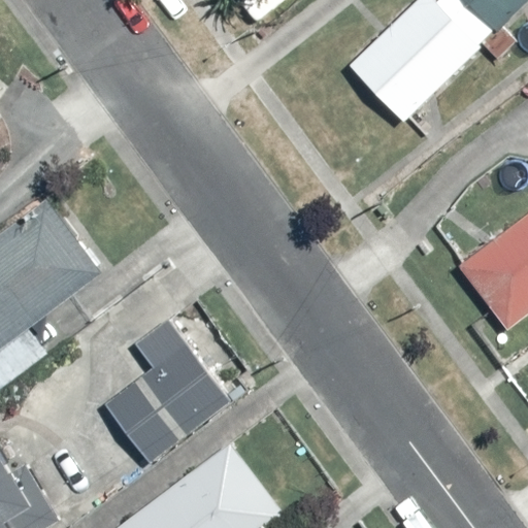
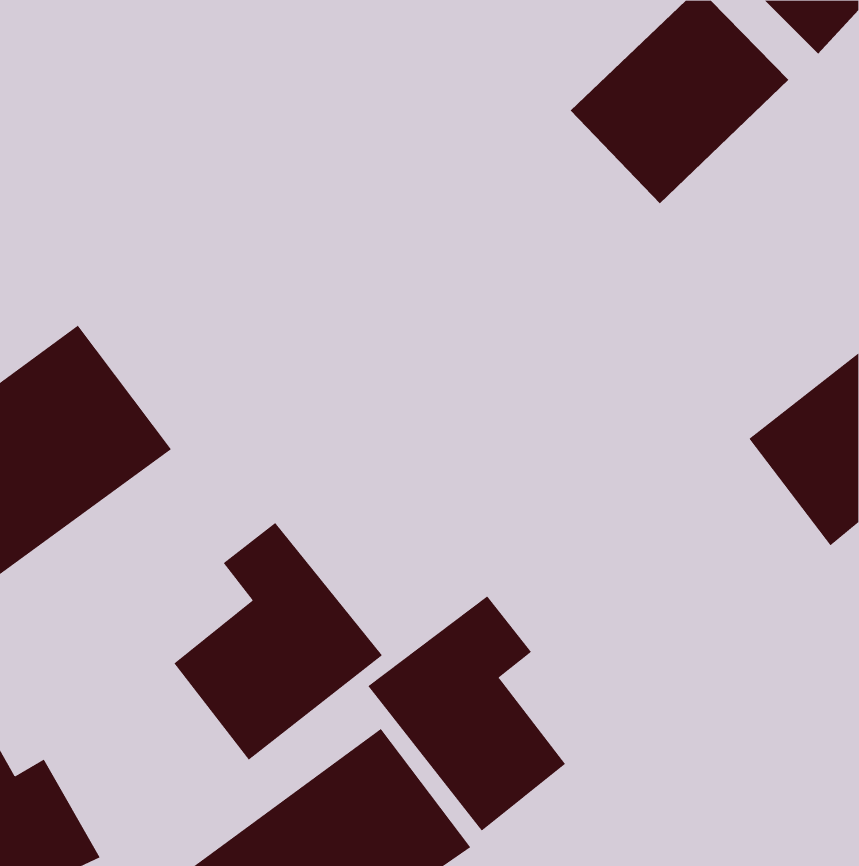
building: none -> [367,595,566,832]

